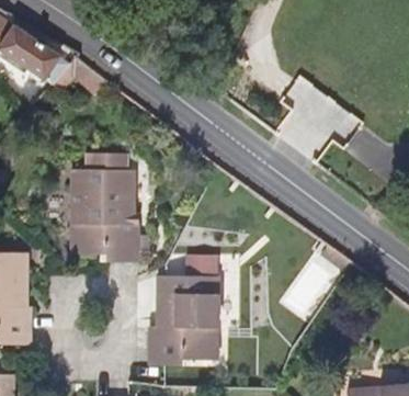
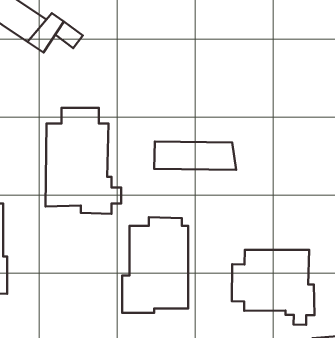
building: none -> [154,142,236,170]
building: none -> [232,250,314,325]

